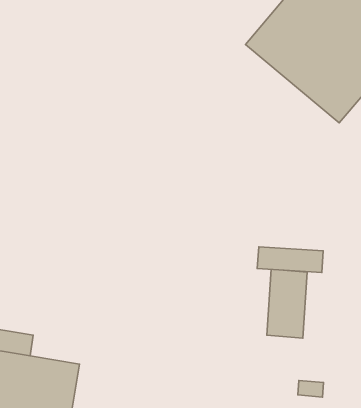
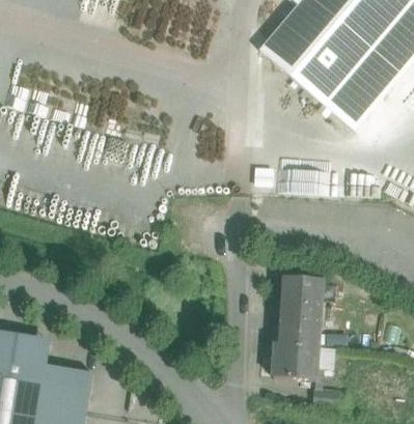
building: [257,247,323,272] -> none
building: none -> [273,339,318,377]

